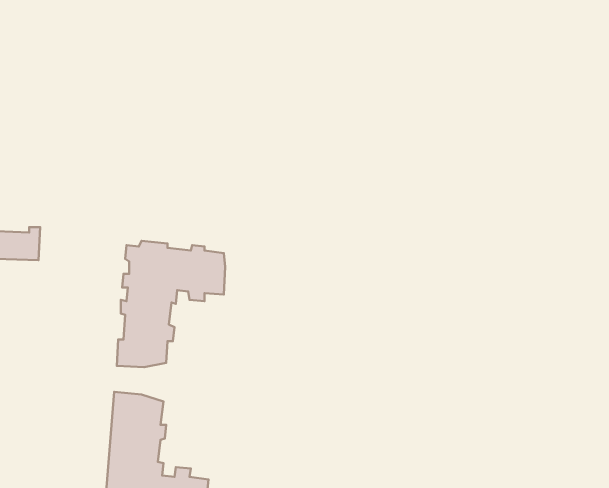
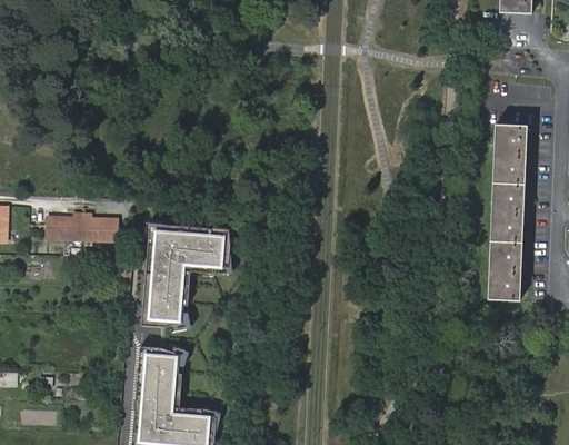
building: none -> [489,125,528,300]
building: none -> [79,212,116,240]

